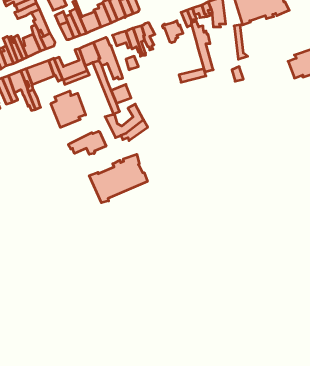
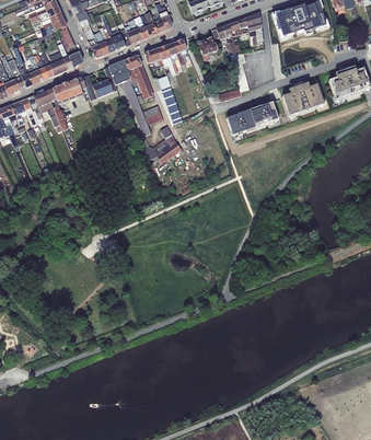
building: none -> [282,82,324,116]
building: none -> [227,103,278,135]
building: [51,91,86,127] -> none
building: [68,131,106,154] -> none
building: [89,154,147,203] -> none

